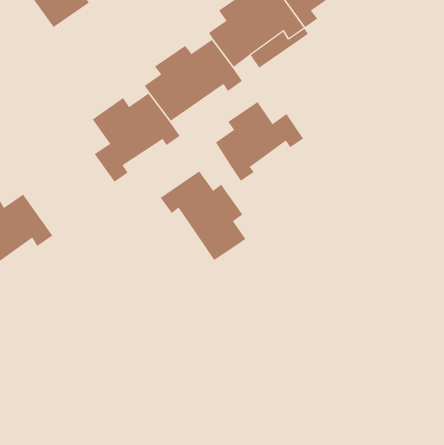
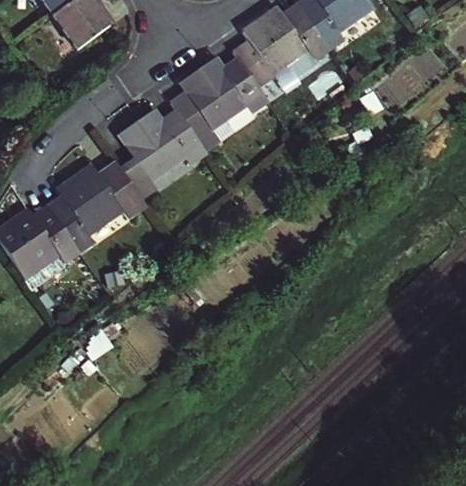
building: [215,101,304,182] -> none
building: none -> [51,164,146,250]
building: [160,171,246,261] -> none

